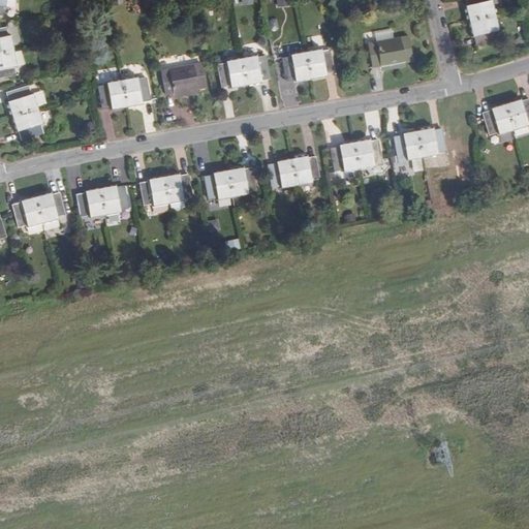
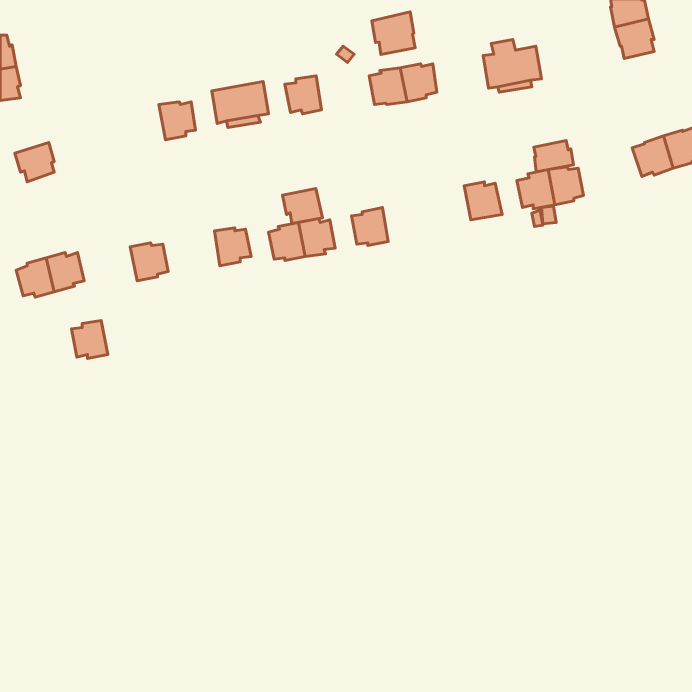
building: none -> [372,12,415,55]
building: [242,55,270,84] -> none
building: [99,80,127,108] -> none
building: [7,86,38,117] -> none
building: none -> [534,141,573,172]
building: [332,142,360,170] -> none
building: none -> [283,189,322,223]
building: [292,155,319,184] -> none
building: [141,176,168,205] -> none
building: [77,188,105,217] -> [71,321,108,359]

